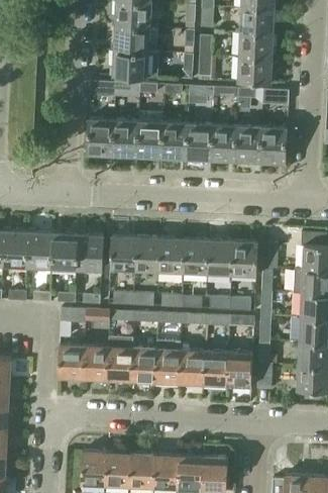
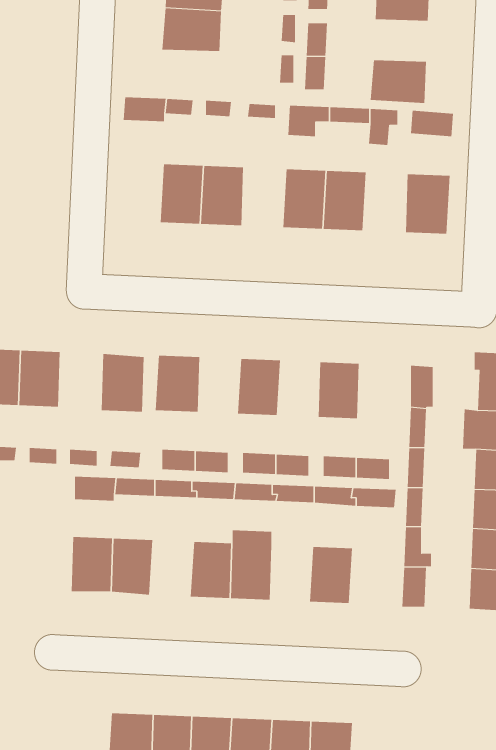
building: [231,33,274,59] -> none
building: [112,52,158,79] -> none
building: [87,119,113,156] -> none
building: [161,122,188,159] -> none
building: [234,125,260,162] -> none
building: [51,233,78,269] -> none
building: [135,236,160,271] -> none
building: [183,238,208,273] -> none
building: [231,240,256,275] -> none
building: [106,337,132,381] -> none
building: [179,350,204,384] -> none
building: [226,352,252,386] -> none

